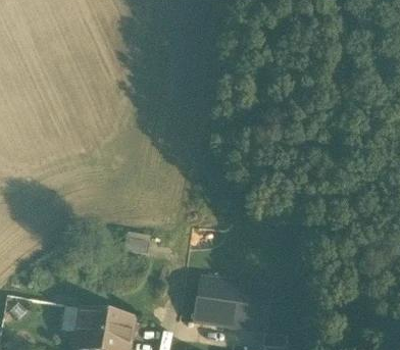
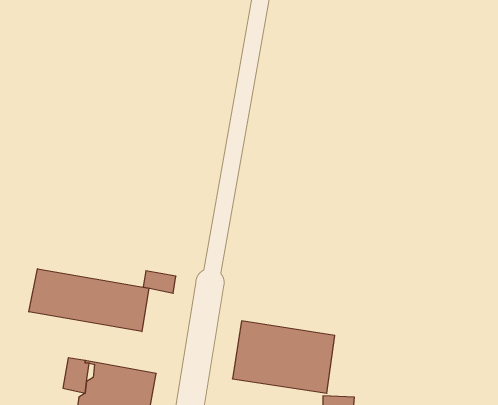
building: none -> [29,269,149,332]

